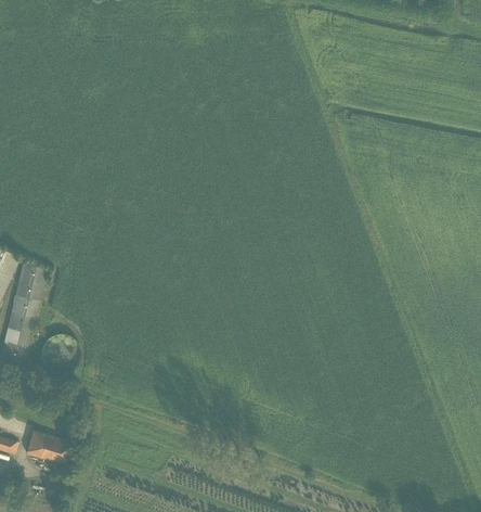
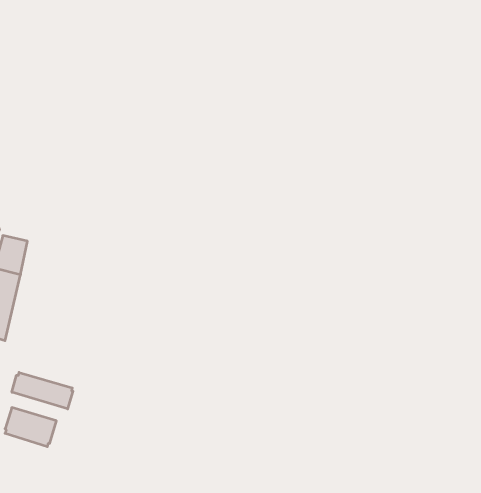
building: none -> [12,372,73,409]

